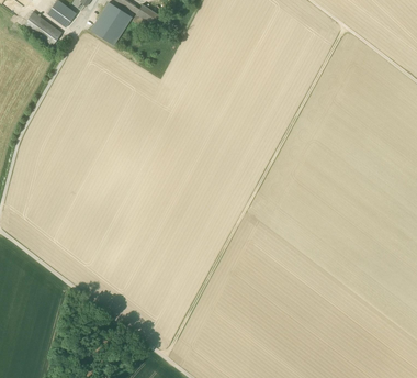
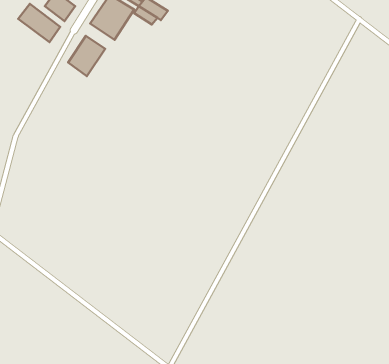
building: none -> [68,36,105,76]

